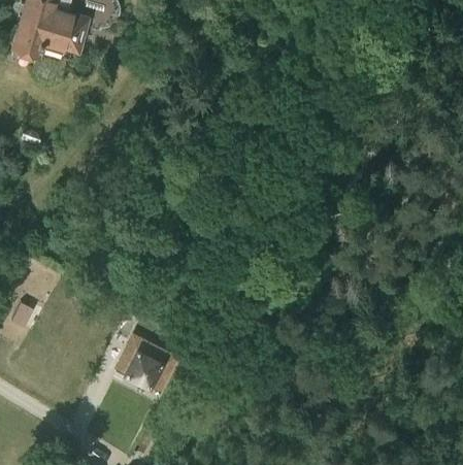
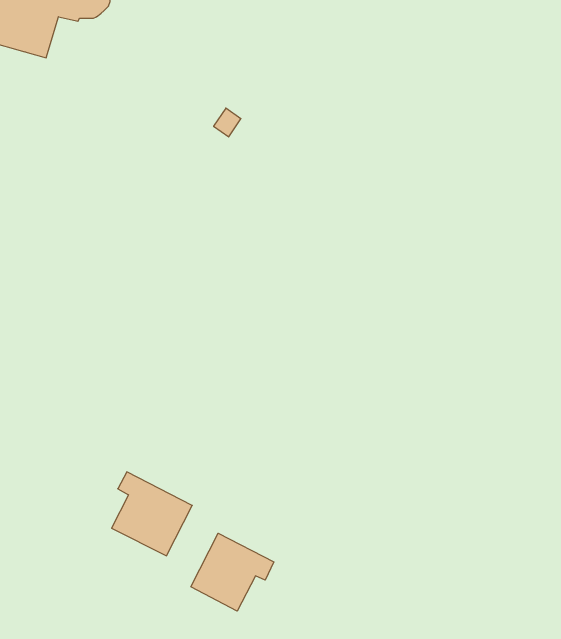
building: none -> [191,533,274,611]

